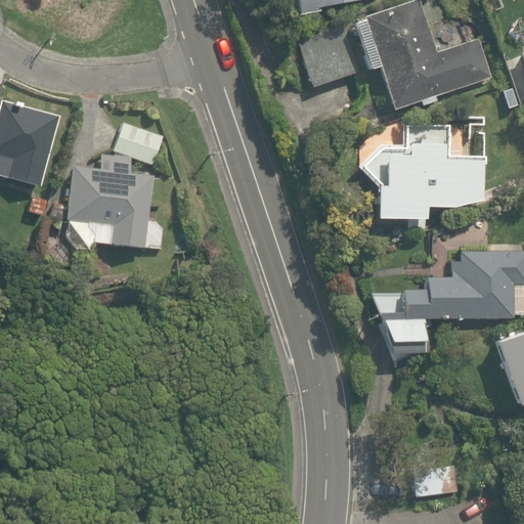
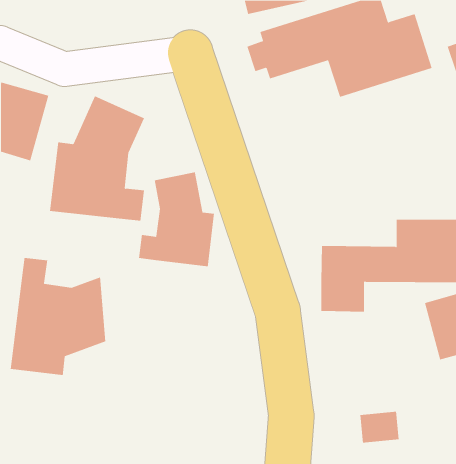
building: [351,125,481,222] -> none
building: none -> [139,171,215,267]
building: none -> [10,257,106,376]

